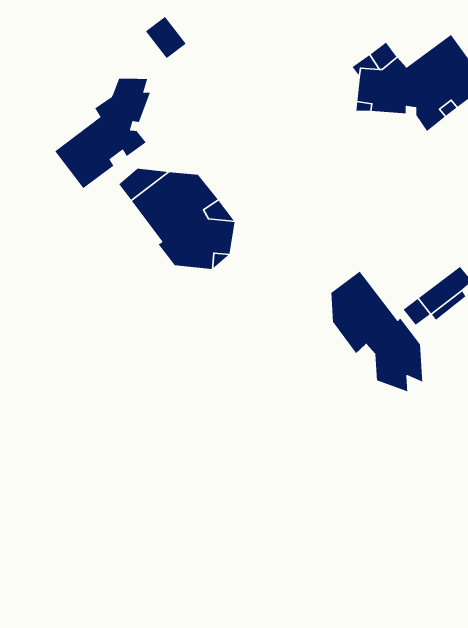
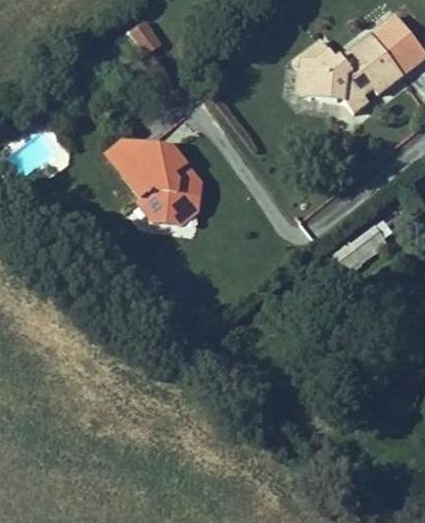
building: [54,78,151,189] -> none
building: [331,270,423,392] -> none

